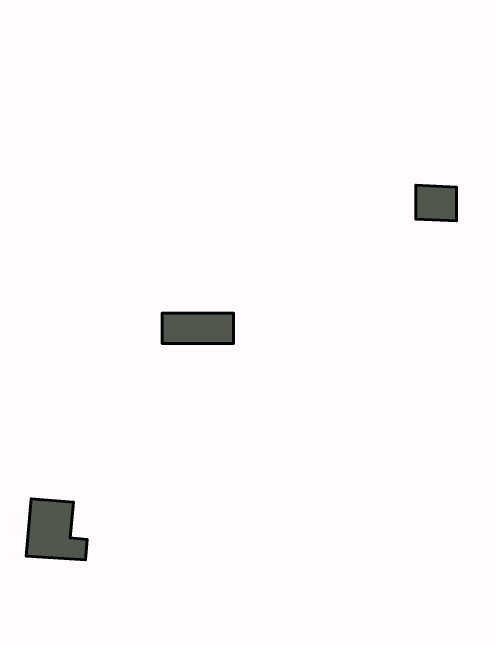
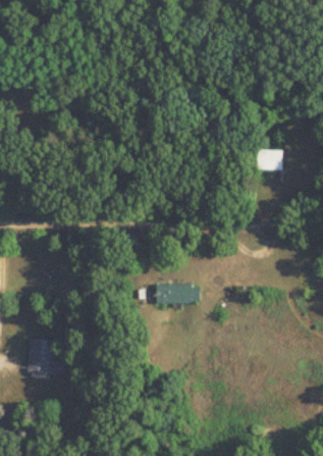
building: [162,313,233,344] -> [156,285,199,303]

